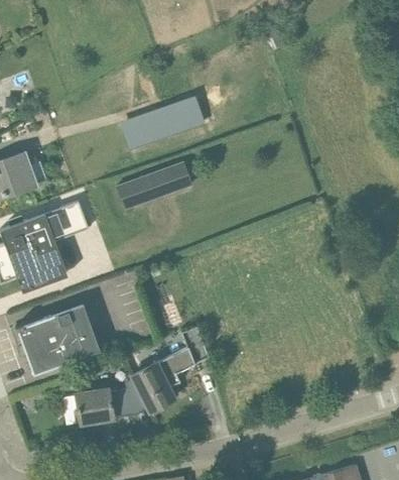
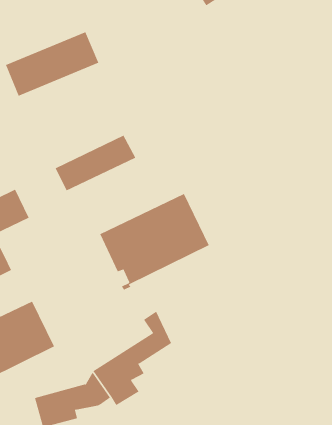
building: [123,93,210,146] -> [5,31,99,96]
building: none -> [99,193,210,291]

